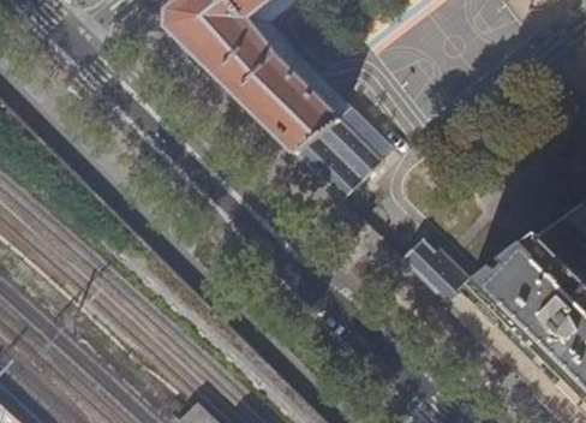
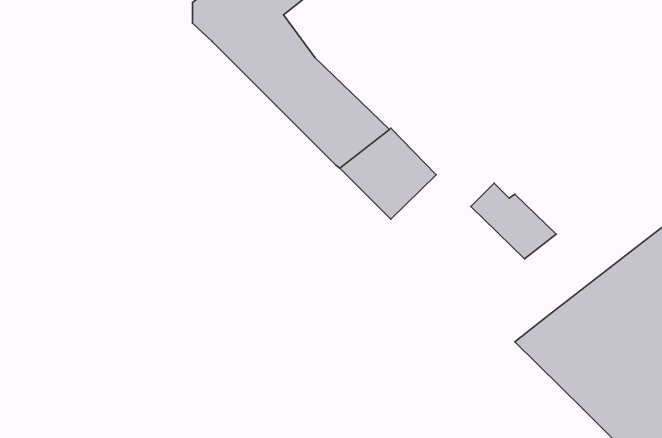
building: [403,237,478,303] -> [471,183,556,259]

